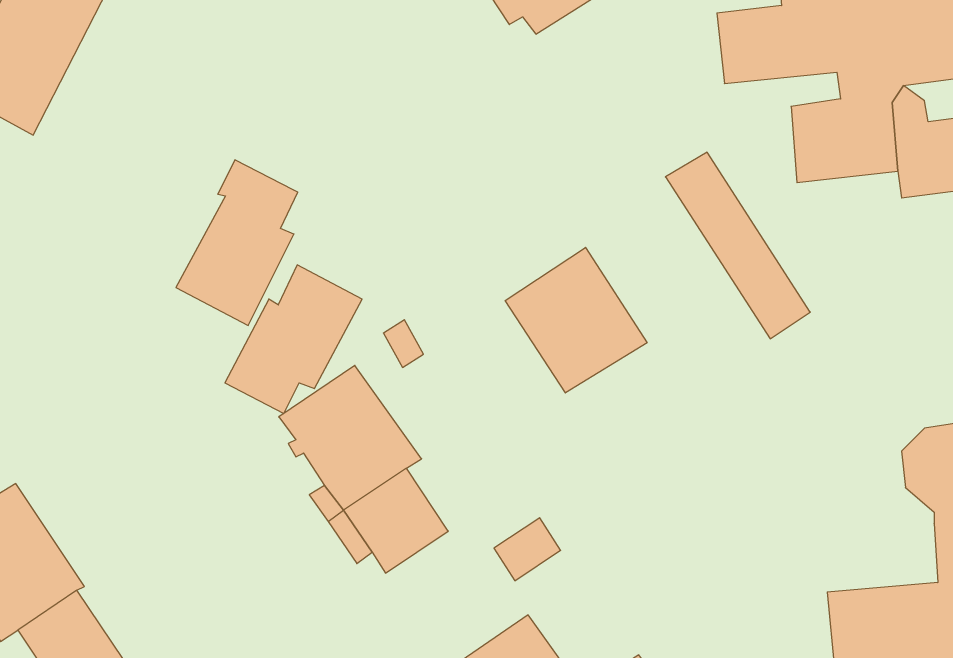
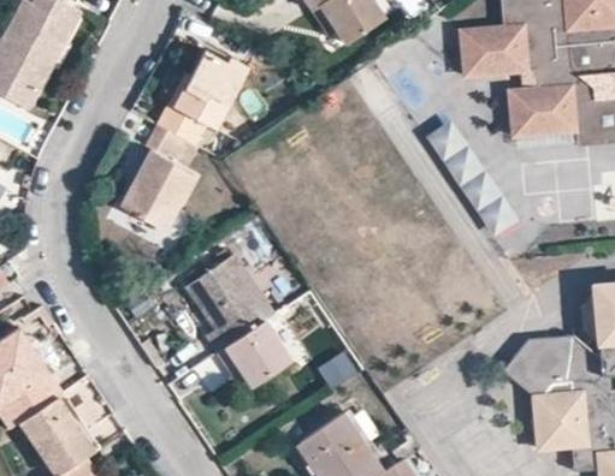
building: [505,247,647,393] -> none
building: [225,265,362,413] -> [156,49,243,143]
building: none -> [507,337,601,397]

